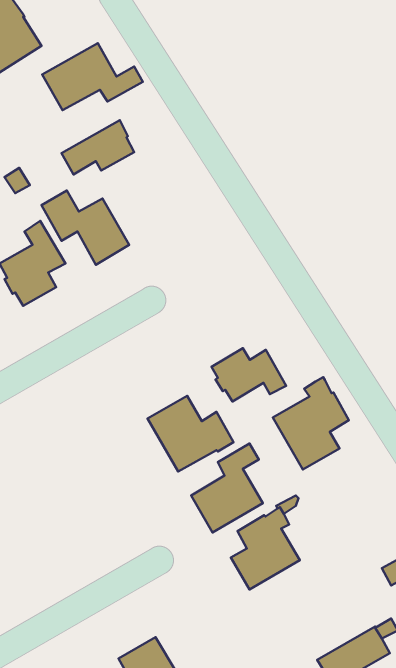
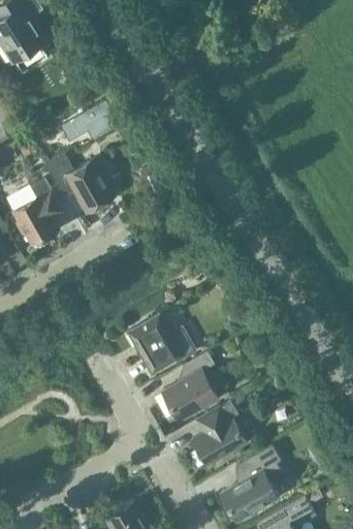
building: [42,43,143,110] -> none
building: [211,348,286,401] -> none
building: [273,377,349,469] -> none
building: none -> [220,445,281,522]

